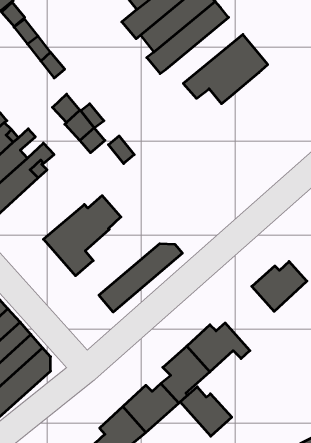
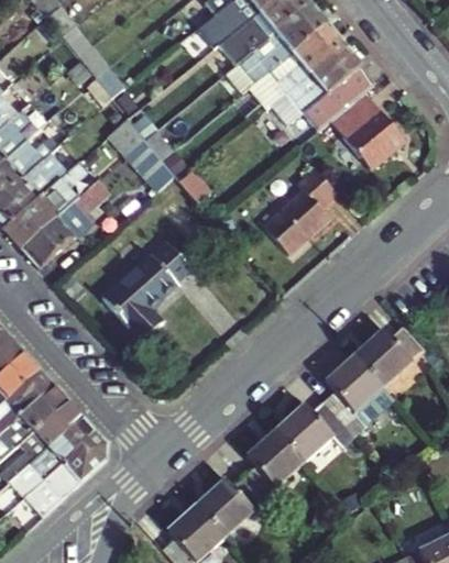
building: none -> [250,23,344,108]
building: none -> [330,91,404,167]
building: none -> [264,167,336,254]
building: [99,244,182,312] -> none
building: none -> [322,355,394,434]
building: [180,387,232,436] -> none

